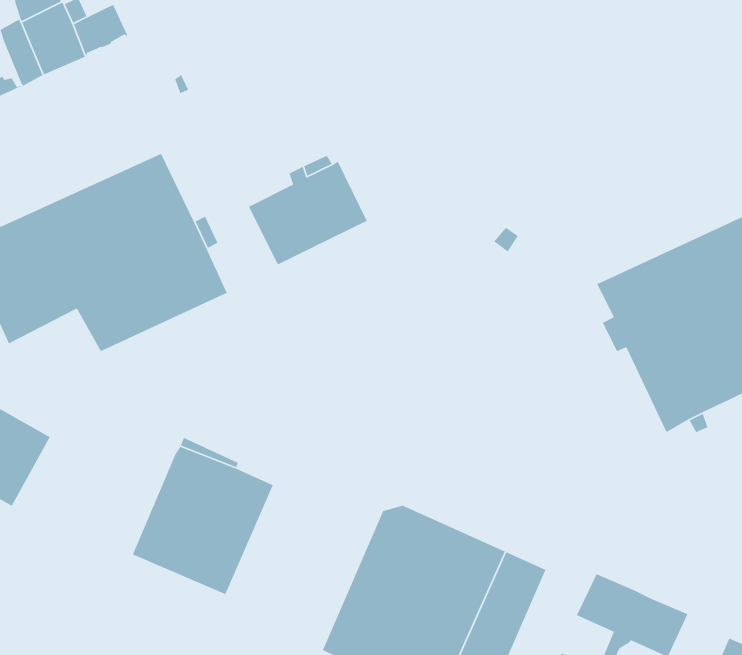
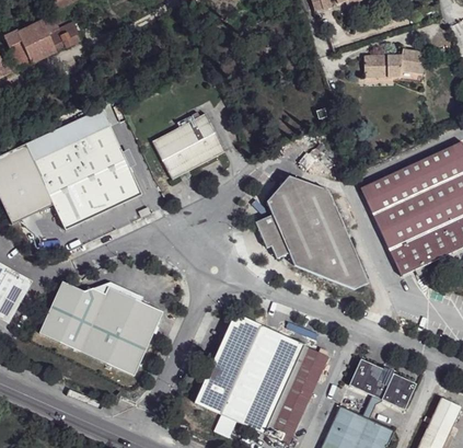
building: none -> [366,46,424,77]
building: none -> [255,176,369,289]
building: none -> [43,277,108,348]

